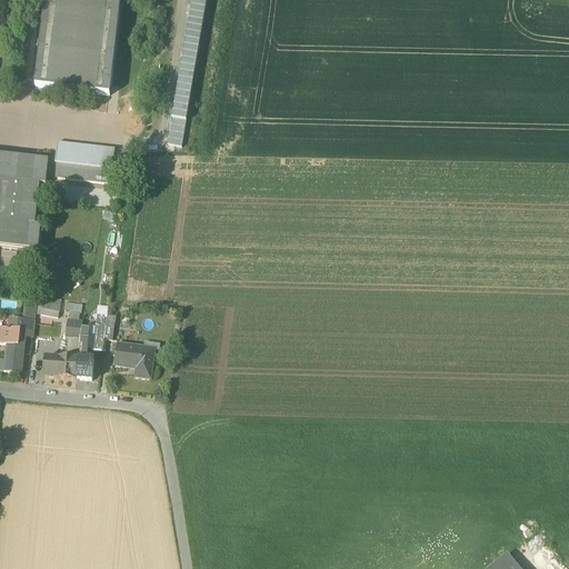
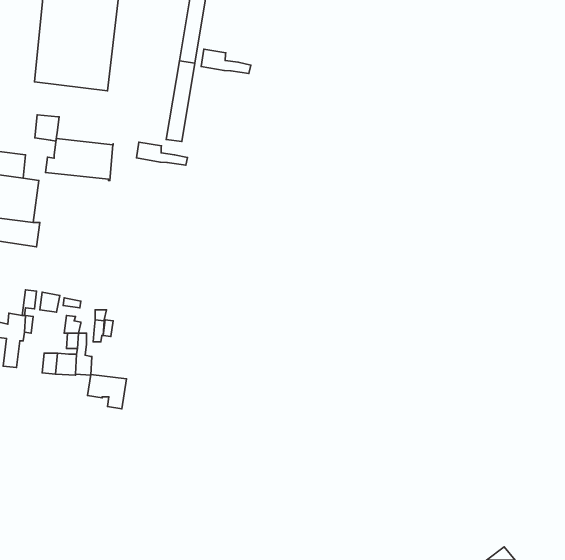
building: none -> [201,49,251,74]
building: none -> [136,142,188,165]
building: [23,156,48,182] -> [35,115,59,141]
building: [114,341,153,376] -> [88,375,126,409]

